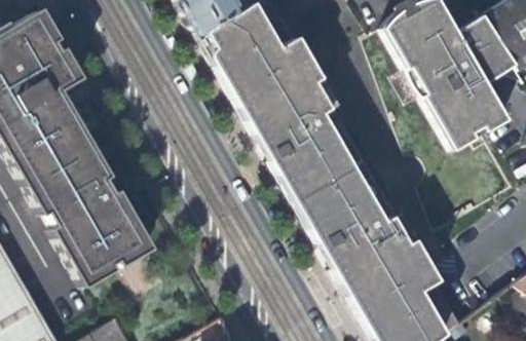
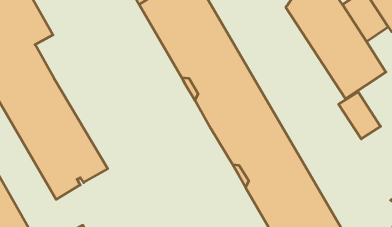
building: none -> [339,92,381,139]

